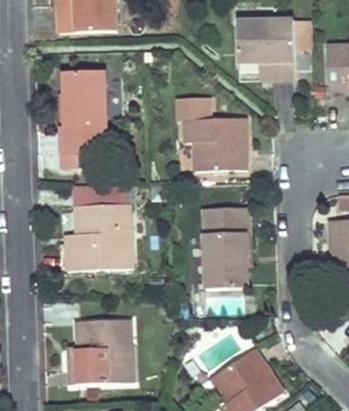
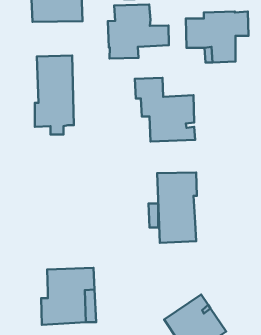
building: none -> [108,4,169,59]
building: [66,202,132,269] -> none

